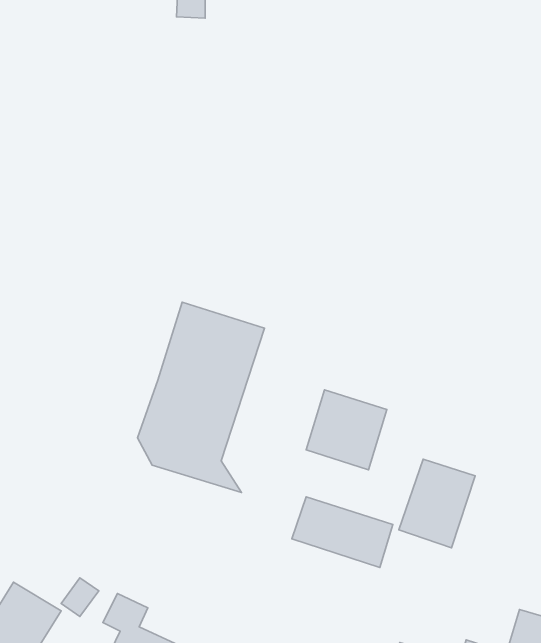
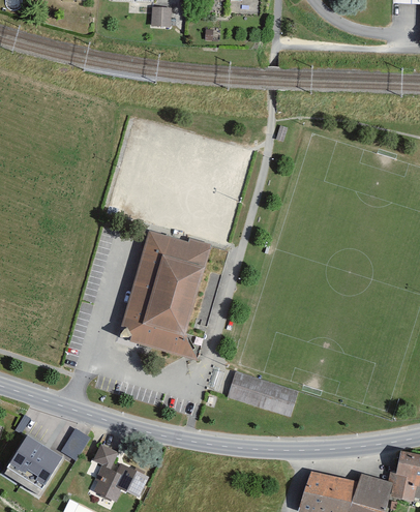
building: [306,390,387,470] -> none
building: [399,459,475,548] -> none

